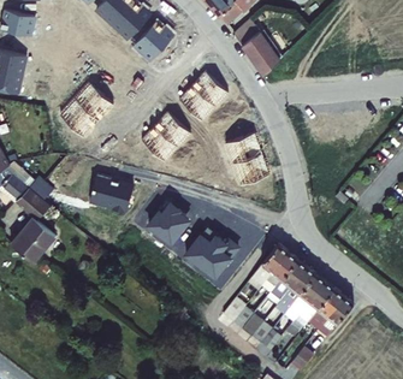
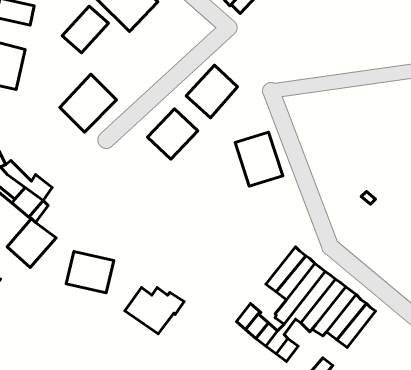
building: [132,19,176,63] -> [62,6,109,53]
building: [232,23,279,76] -> none
building: [89,174,134,213] -> [66,252,114,293]
building: [148,201,191,244] -> none
building: [185,233,241,277] -> [125,287,184,334]

